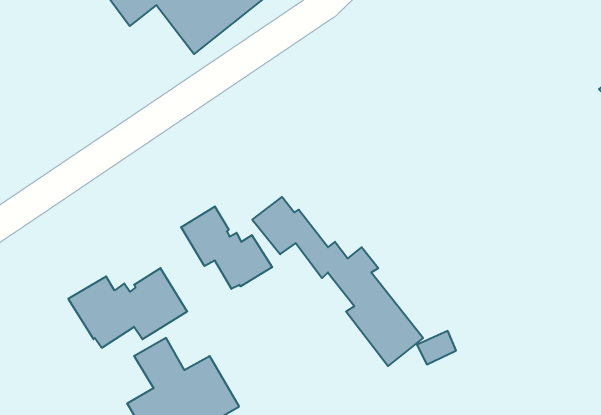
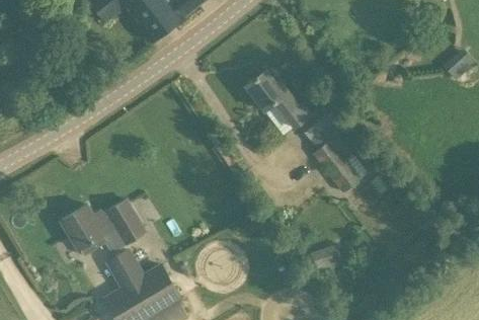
building: [252,197,423,366] -> [244,71,368,193]
building: [181,206,272,289] -> none

